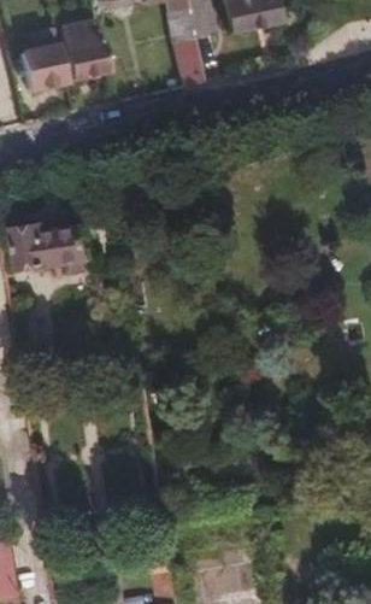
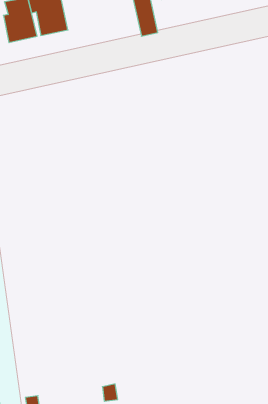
building: [18,225,89,270] -> none

